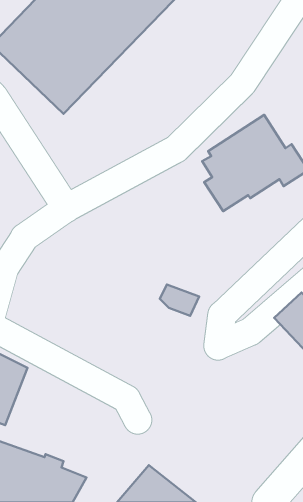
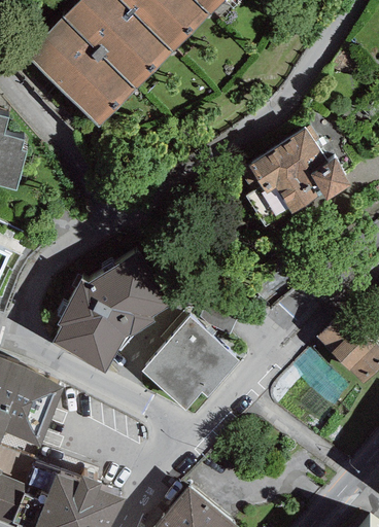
building: none -> [50,251,170,373]
building: none -> [141,315,238,409]

